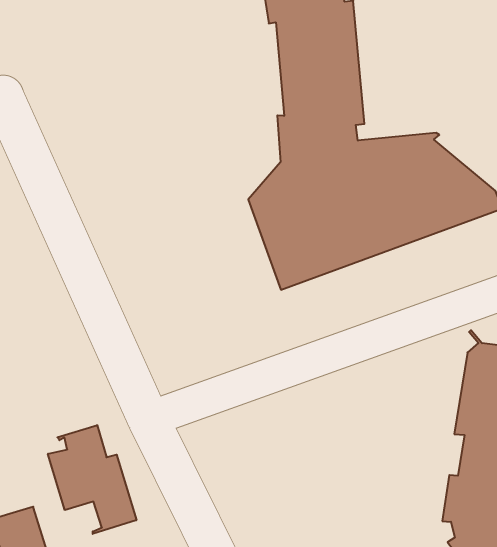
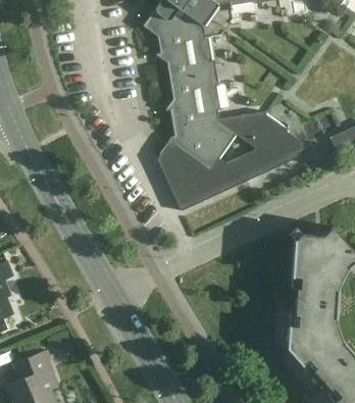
building: [48,425,136,534] -> none

